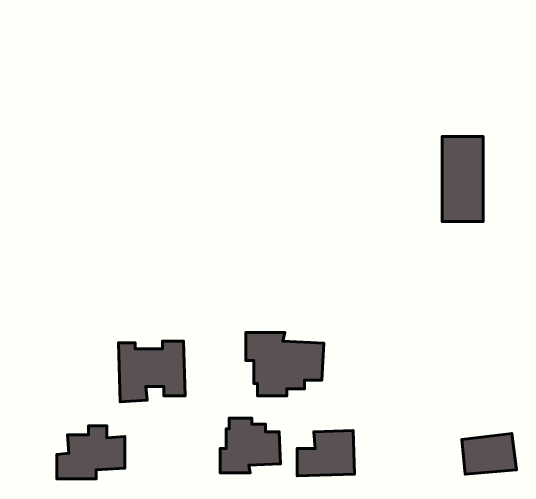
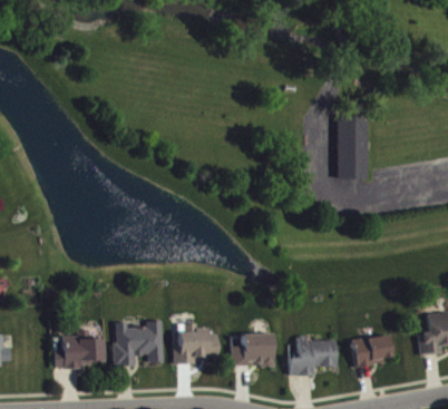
building: [246,332,324,396] -> none
building: [119,341,185,402] -> [114,321,163,366]
building: none -> [289,335,337,376]

